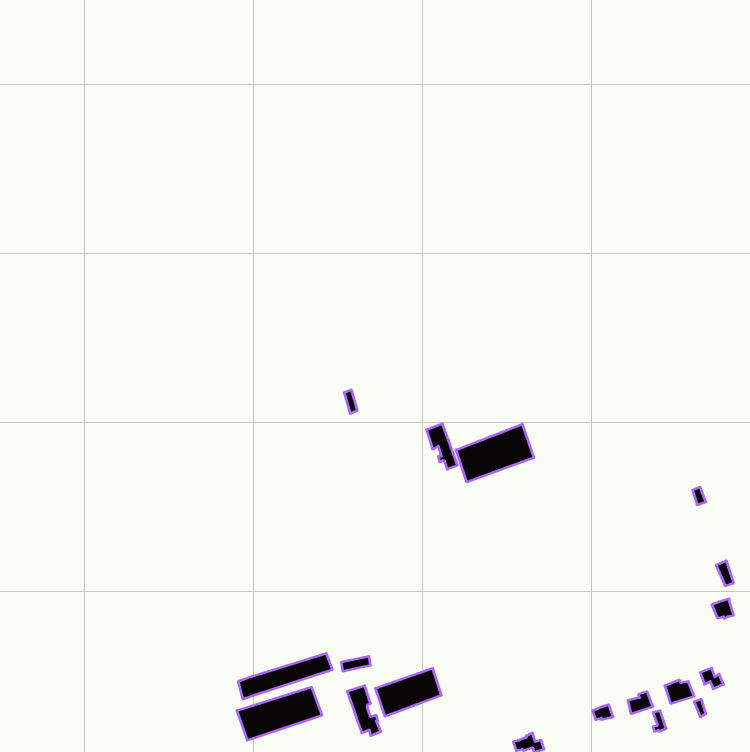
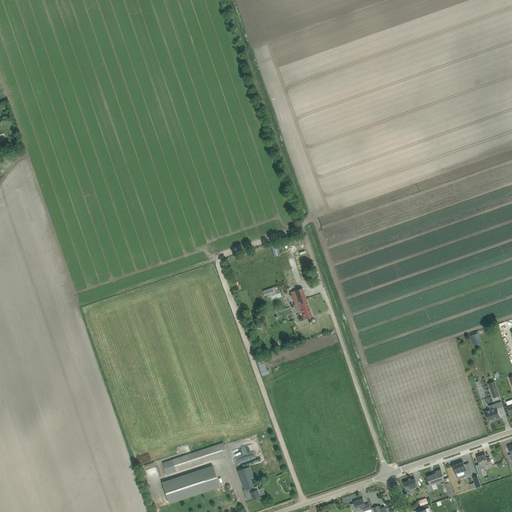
building: [456,424,534,482] -> none
building: [376,668,441,716] -> none

